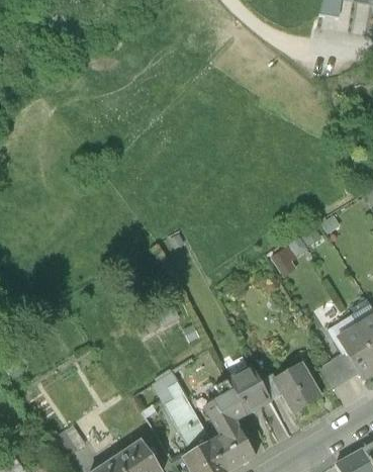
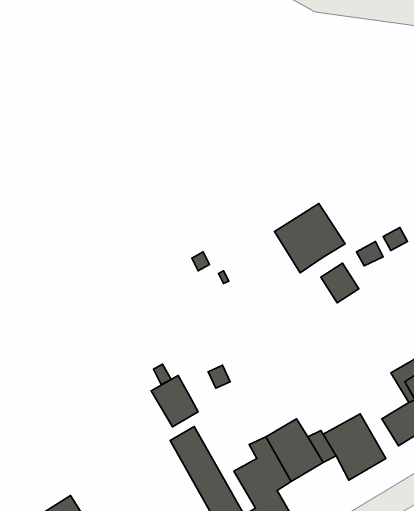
building: none -> [275,204,345,273]
building: none -> [151,376,198,427]

